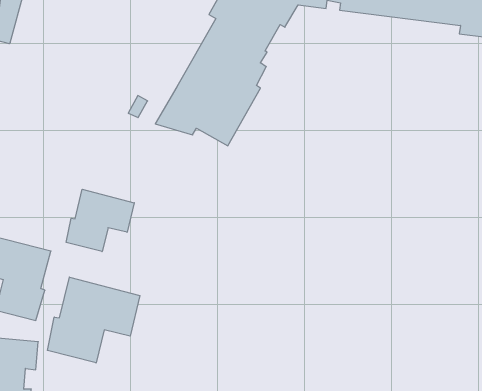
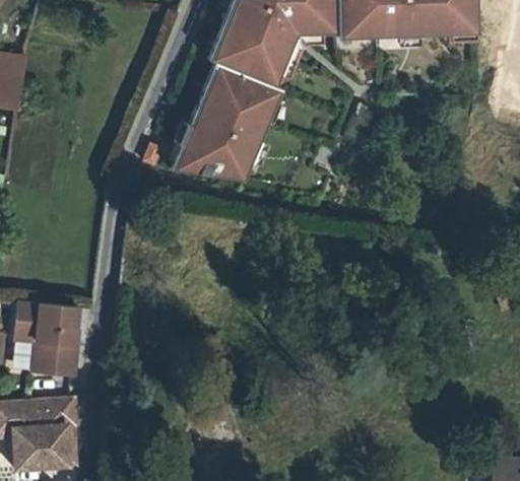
building: [66,189,134,252] -> none
building: [47,277,140,363] -> none

